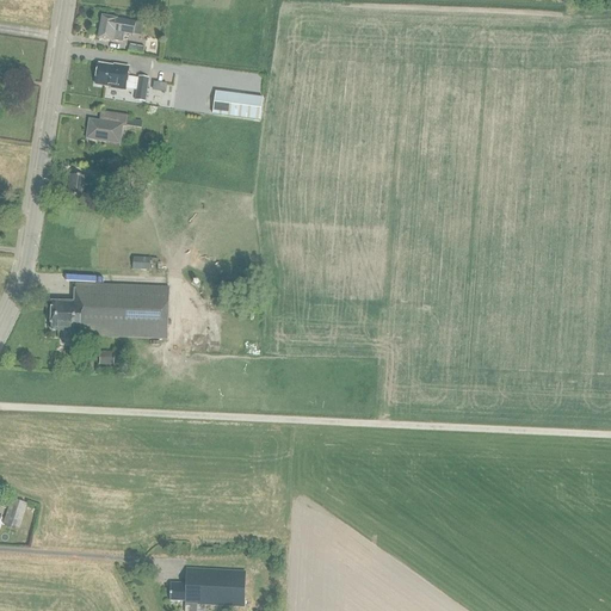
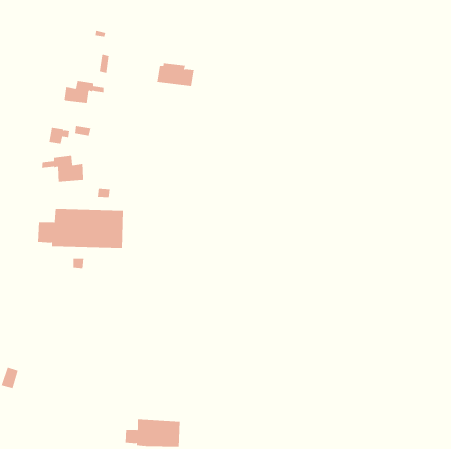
building: [97,13,135,39] -> none
building: [94,61,128,86] -> none
building: none -> [42,155,84,186]

